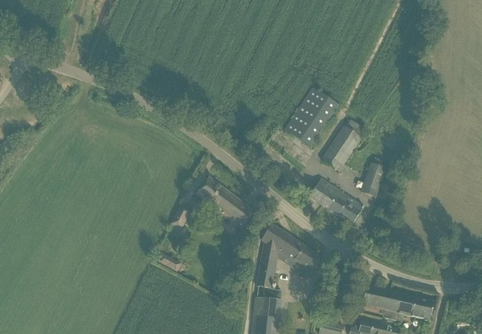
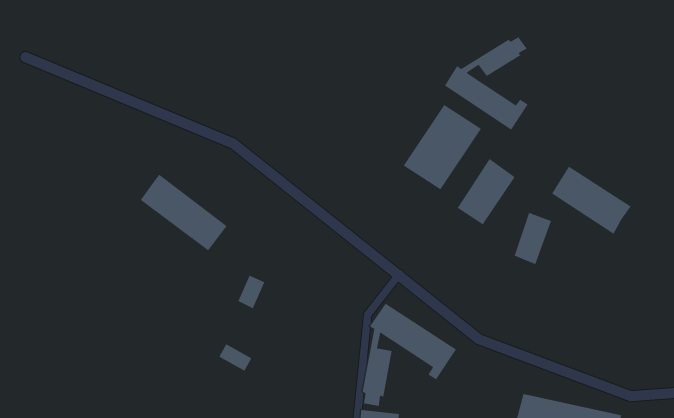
building: none -> [444,37,528,130]
building: [195,176,255,229] -> [140,174,228,251]
building: [309,178,364,225] -> [551,166,631,234]

